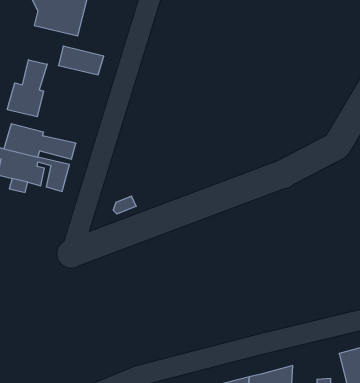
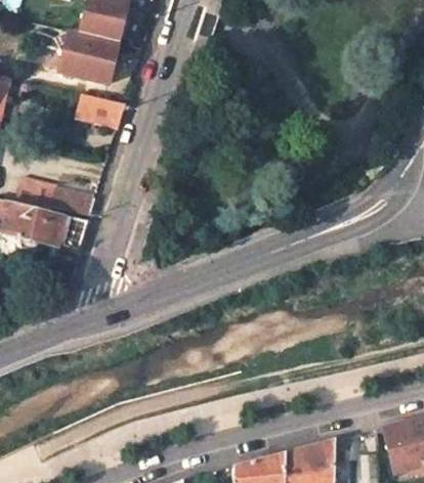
building: [7,60,47,117] -> none

